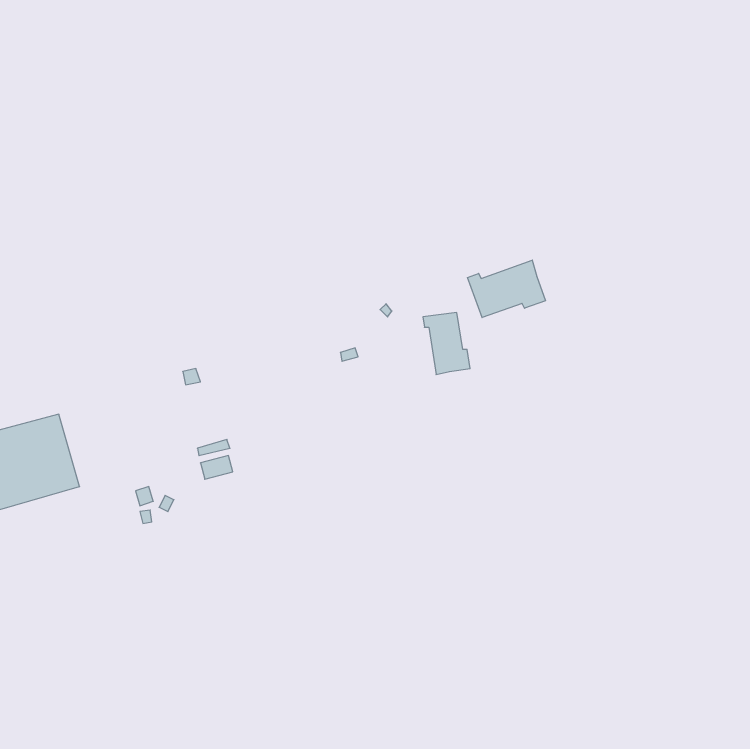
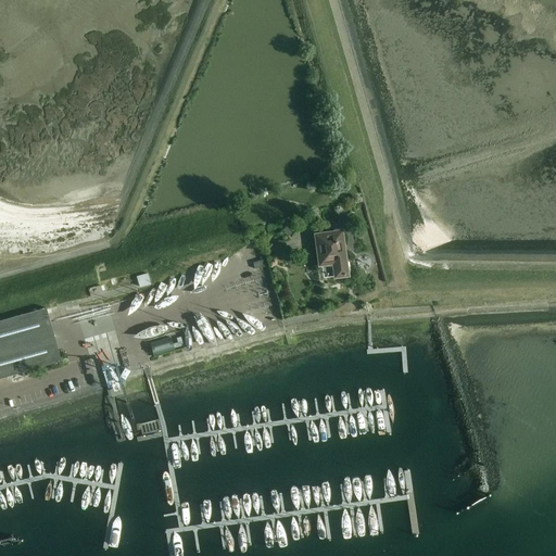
building: [468,260,545,318] -> none

